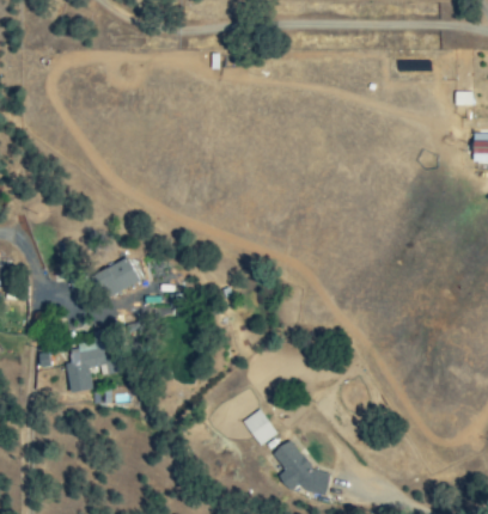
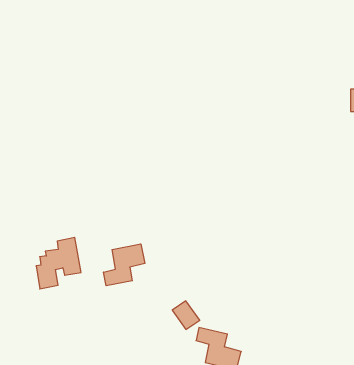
building: [98,257,141,298] -> none
building: none -> [104,244,145,286]

